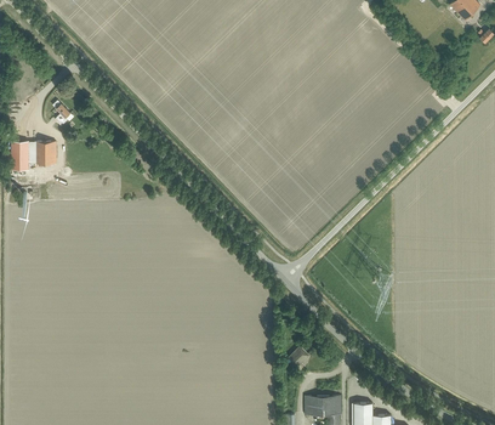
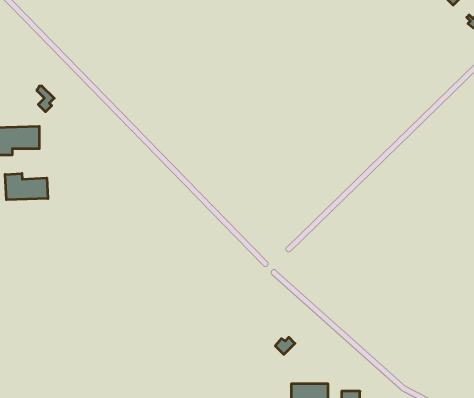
building: none -> [5,173,48,200]

